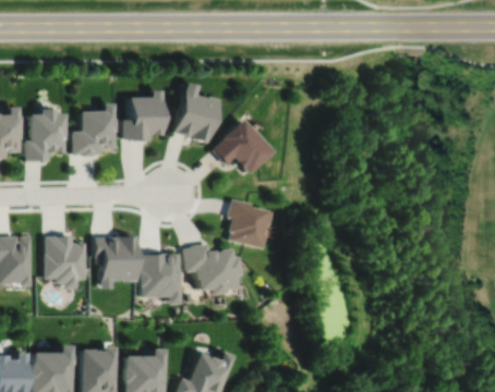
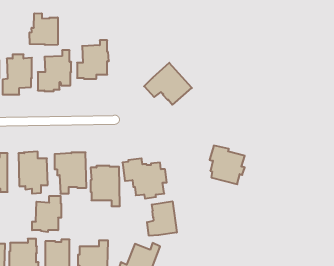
building: none -> [30,13,58,45]
building: [173,82,219,142] -> none
building: [227,198,273,248] -> [210,146,245,184]
building: none -> [32,196,61,232]
building: none -> [147,201,177,236]

